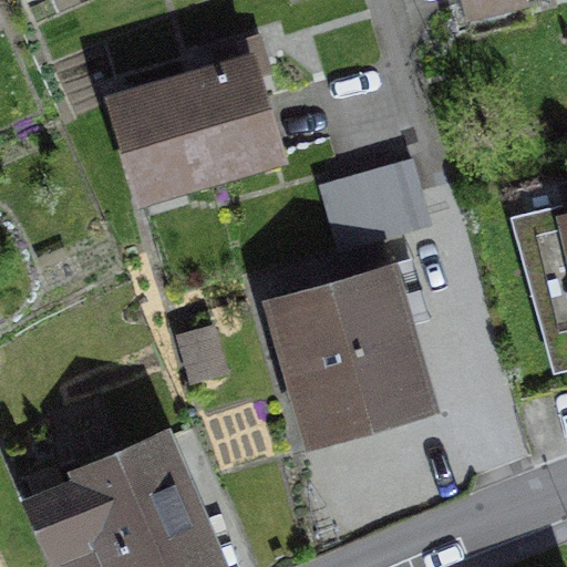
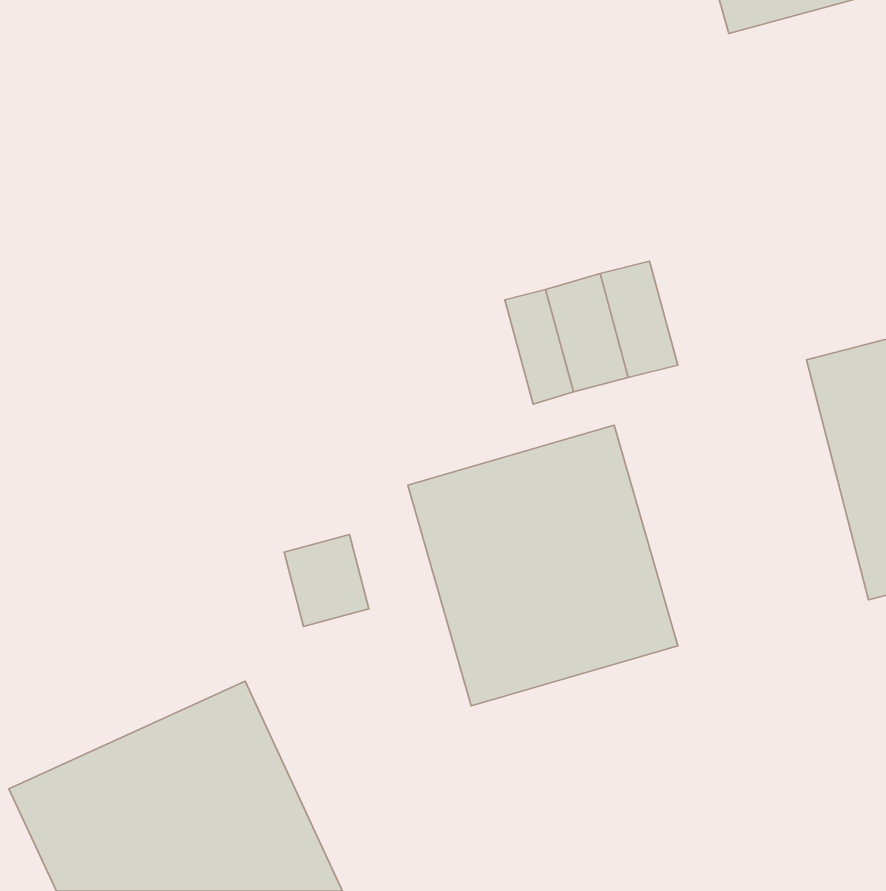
building: [101,59,284,204] -> none

